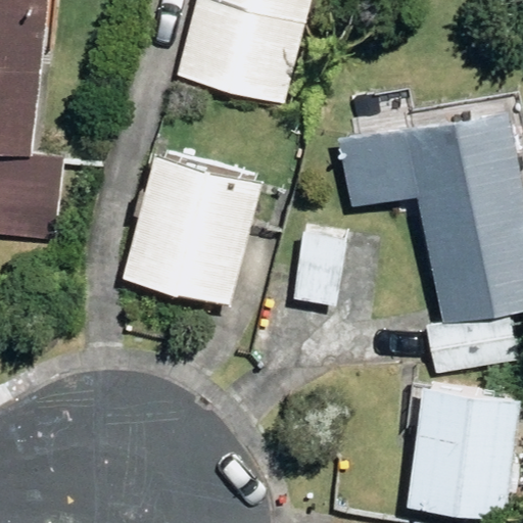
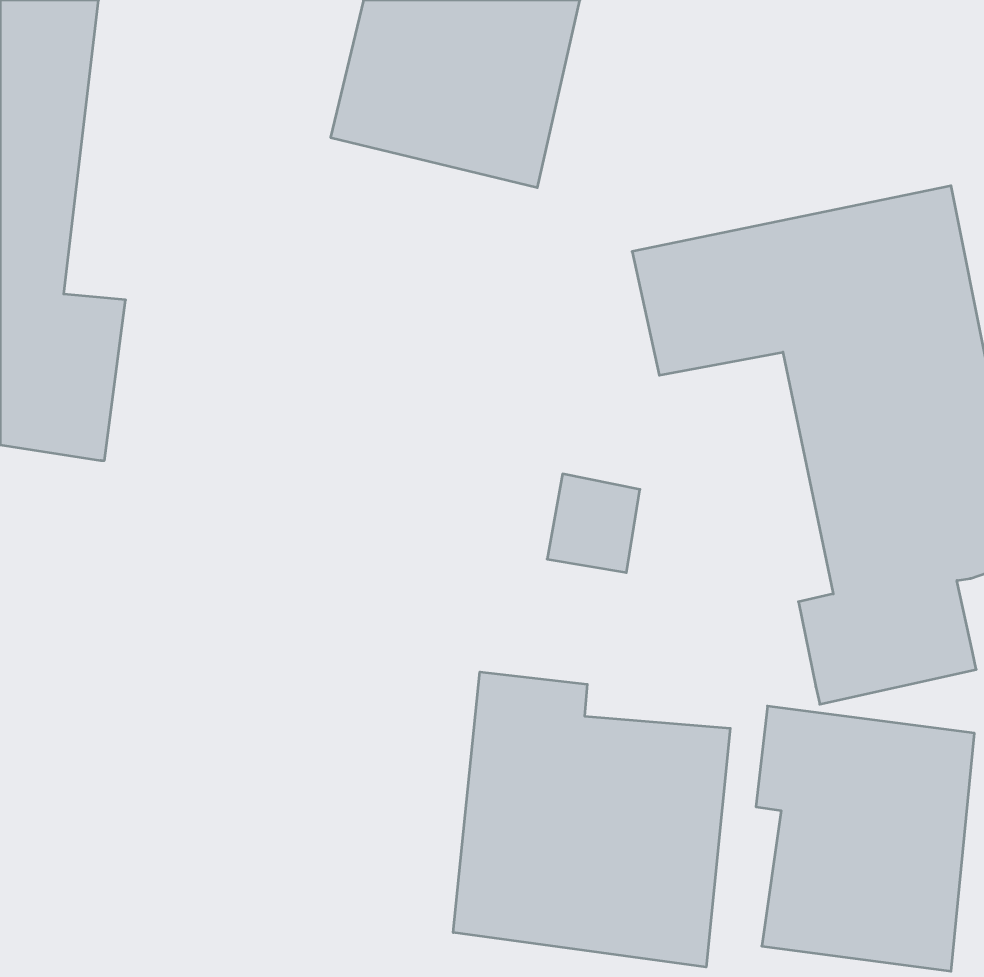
building: [117,149,258,305] -> none
building: none -> [453,672,730,967]

